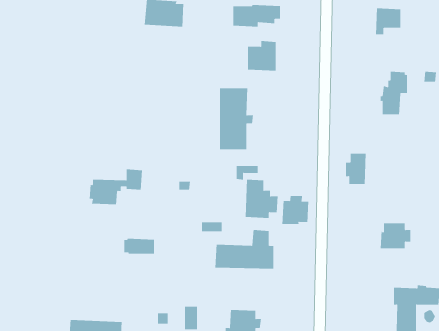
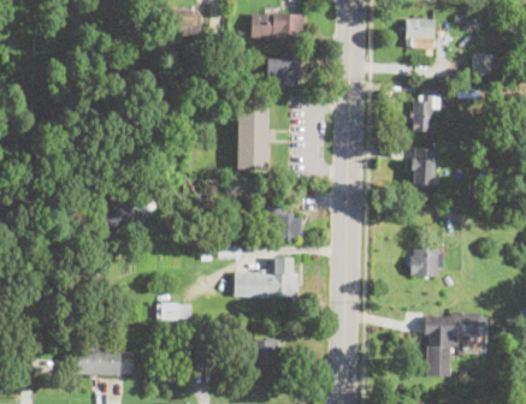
building: [345,153,367,185] -> [410,150,433,184]
building: [282,195,309,225] -> none
building: [123,238,155,254] -> [158,303,191,320]

